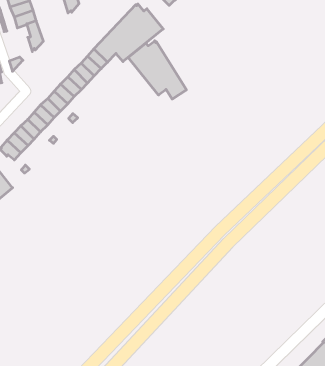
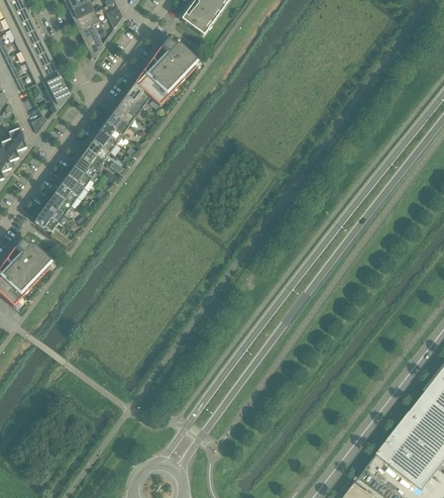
building: [128,41,186,99] -> none

